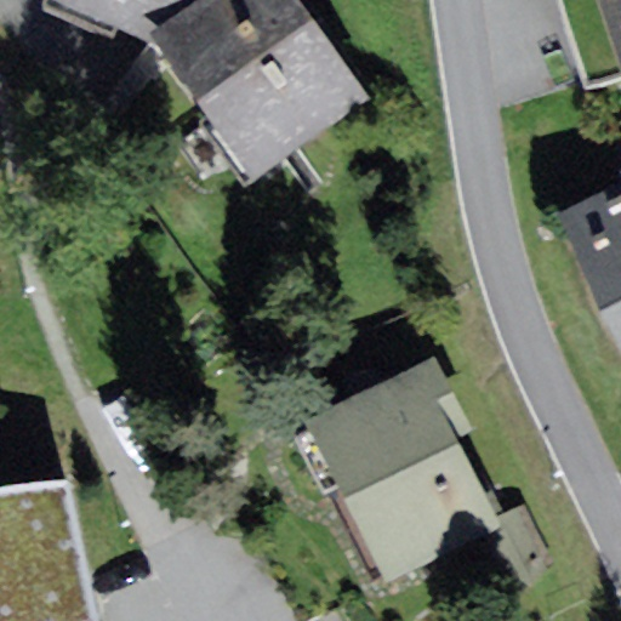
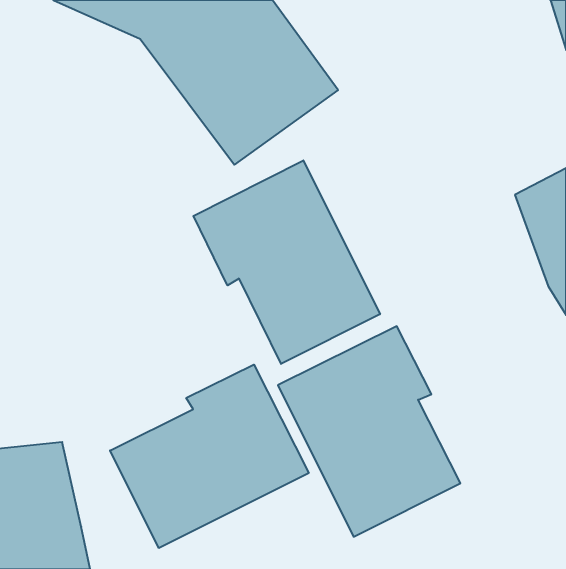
building: none -> [193,160,380,364]
building: none -> [110,365,309,548]

